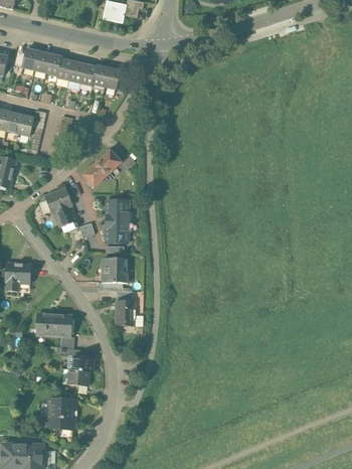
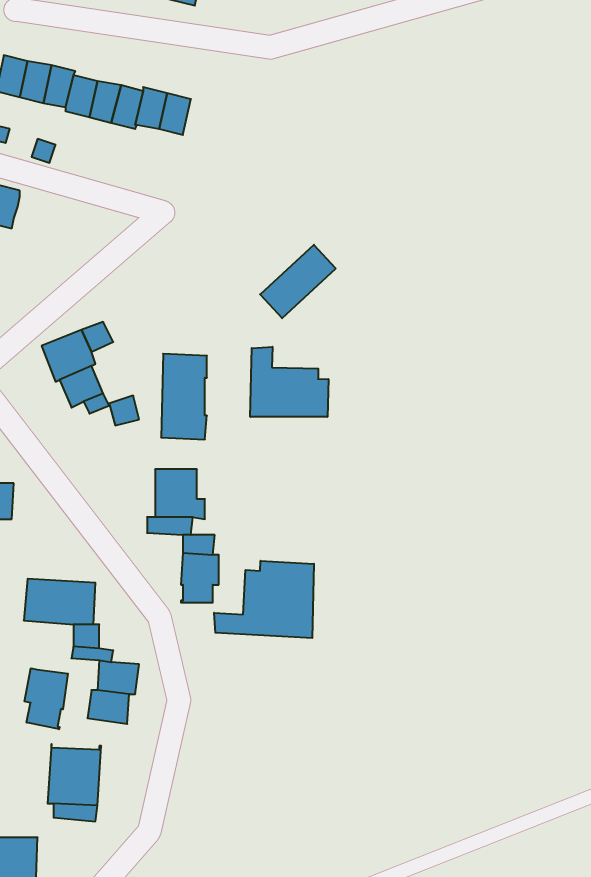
building: [82,149,121,186] -> [260,245,336,318]
building: none -> [250,347,328,417]
building: none -> [214,561,314,638]
building: none -> [24,668,68,729]

